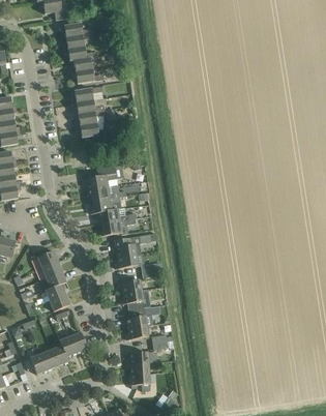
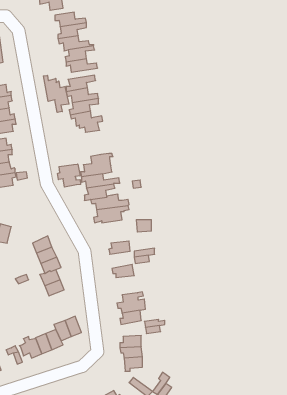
building: none -> [43,75,69,112]
building: none -> [58,164,81,187]
building: [113,235,141,257] -> none
building: [121,289,149,309] -> none

